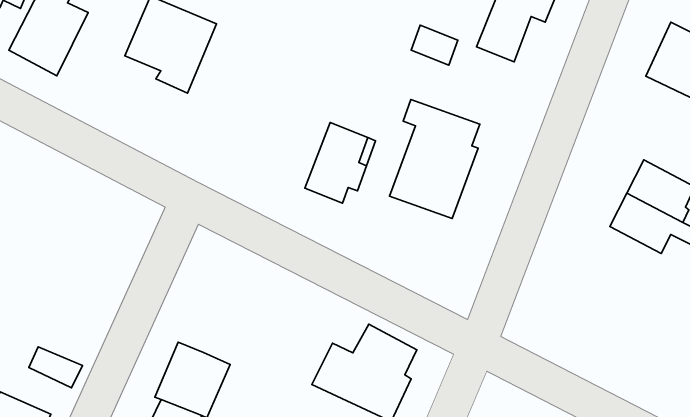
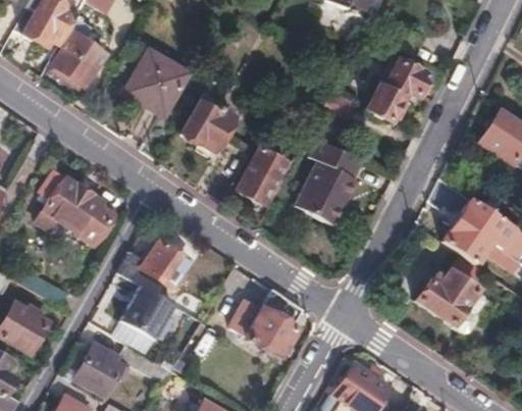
building: none -> [181,101,234,150]
building: none -> [38,178,115,249]
building: none -> [418,272,485,332]
building: none -> [118,242,188,295]

